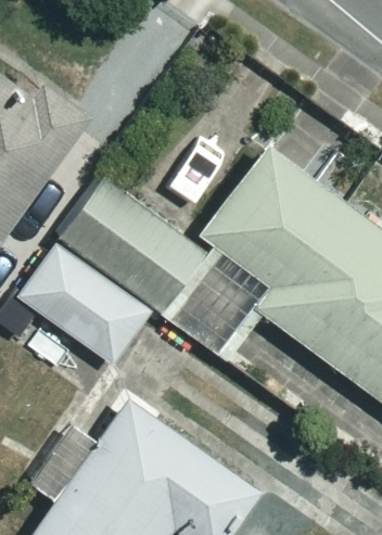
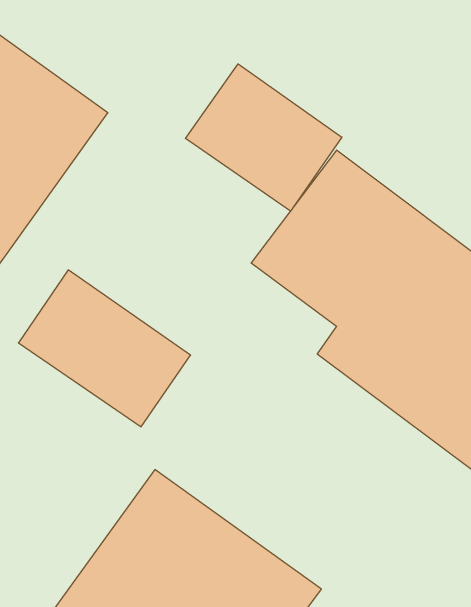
building: none -> [185,64,342,211]
building: [58,181,212,320] -> none

